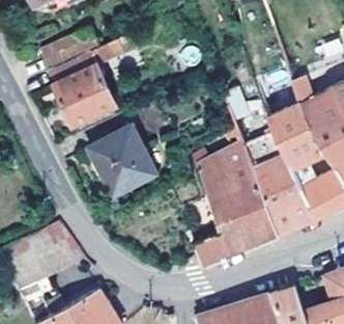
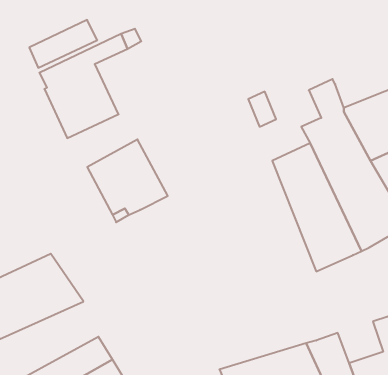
building: [194,129,278,267] -> none

